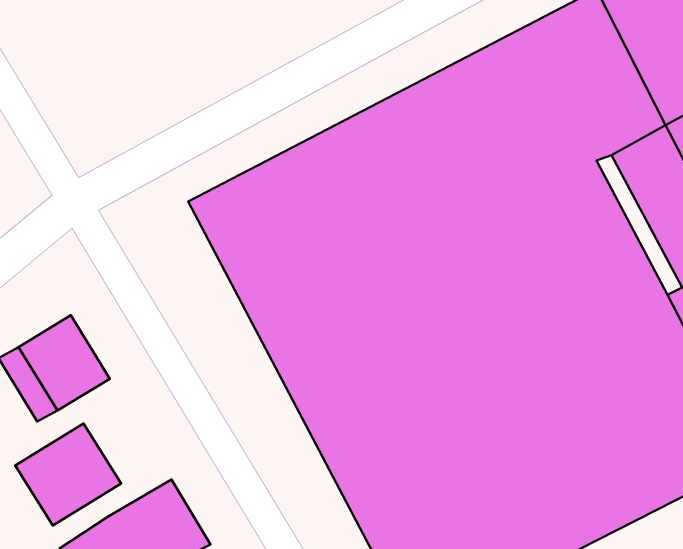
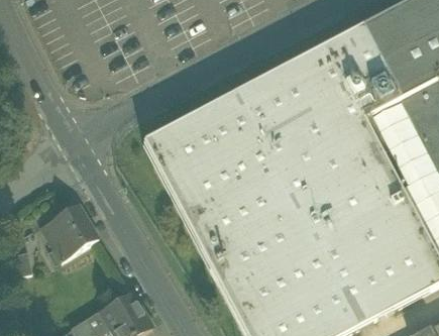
building: [15,423,121,526] -> none

